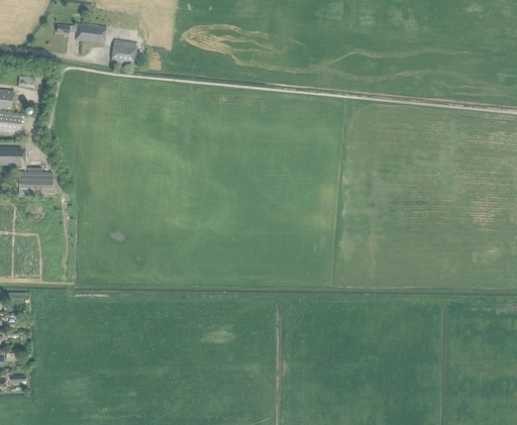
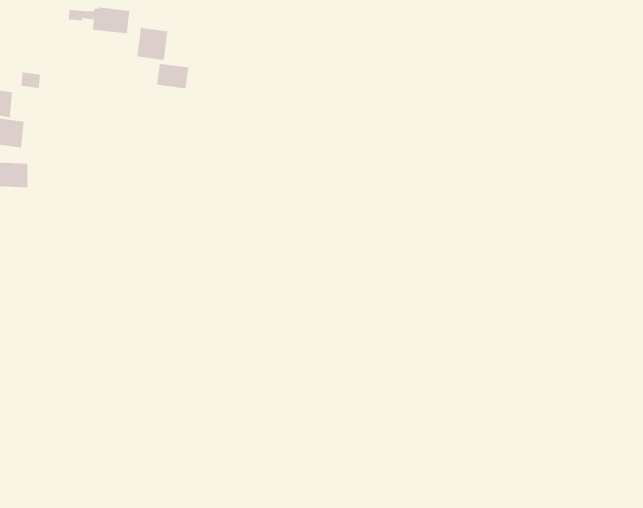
building: none -> [156,63,189,89]
building: [18,171,53,196] -> none

